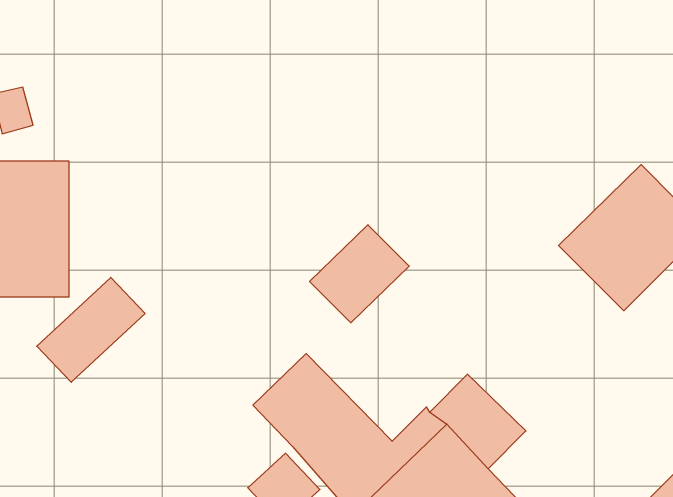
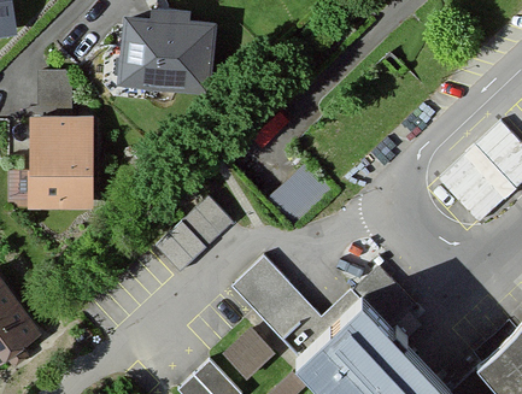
building: none -> [121,11,215,95]
building: [37,277,145,382] -> [156,195,231,269]

